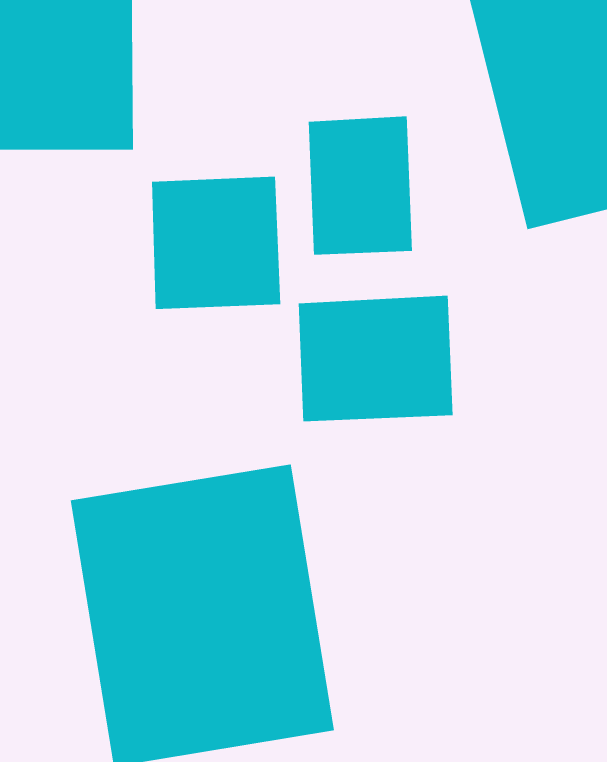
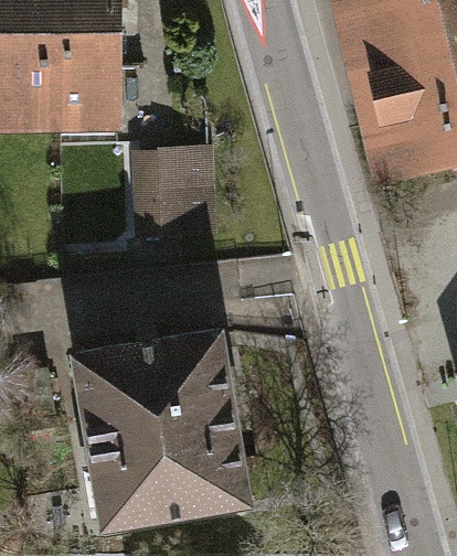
building: [308,115,413,256] -> none
building: [298,295,453,422] -> none

